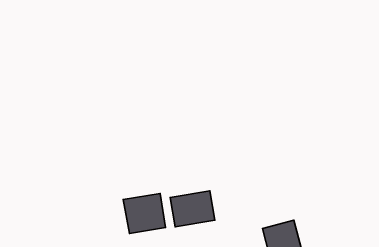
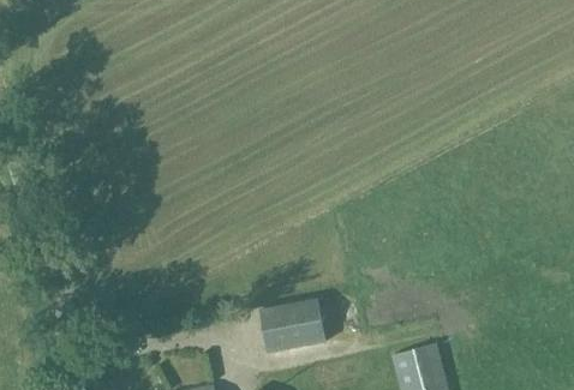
building: [123,193,166,233] -> none

